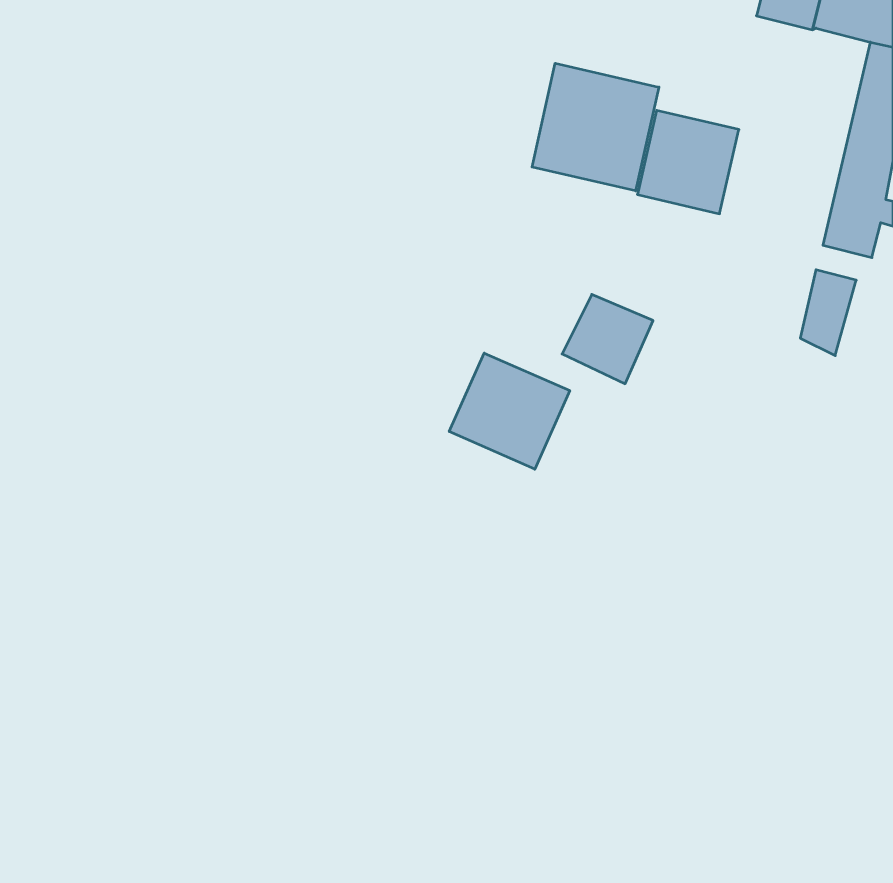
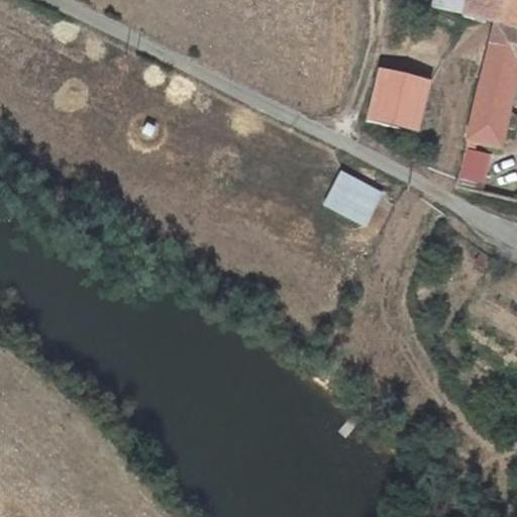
building: [532,63,659,191] -> none
building: [449,353,570,469] -> none

